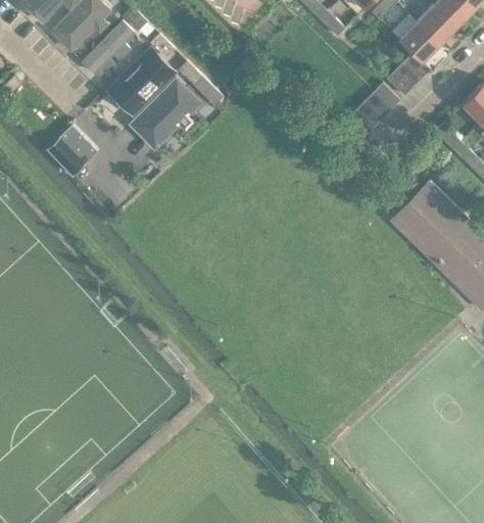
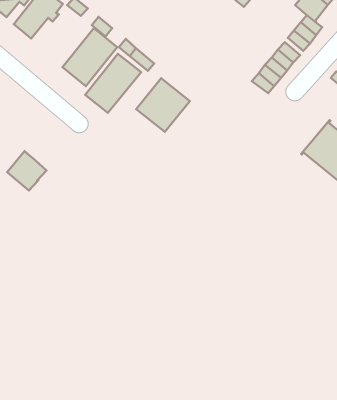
building: [84,20,140,76] -> none
building: none -> [136,78,190,132]
building: [47,126,95,174] -> [7,151,47,190]

